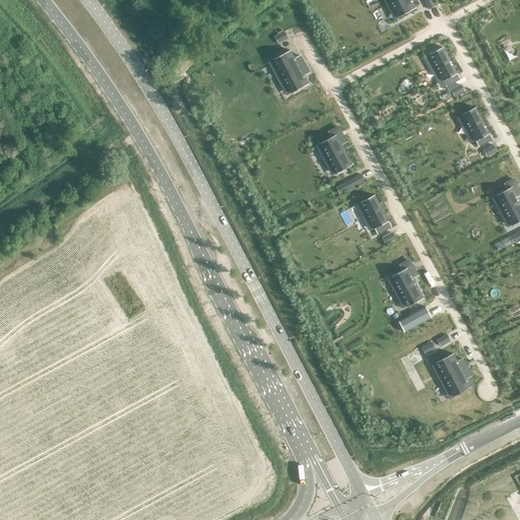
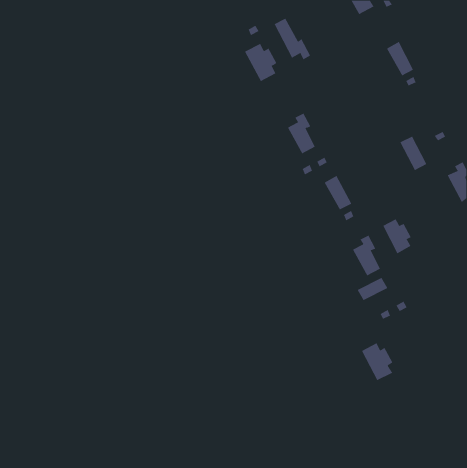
building: none -> [274,18,311,60]
building: [460,108,491,146] -> [400,136,427,171]
building: none -> [382,218,412,254]
building: [435,354,470,397] -> [361,342,393,381]

